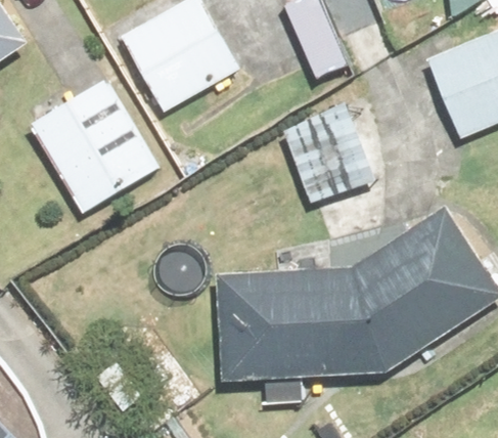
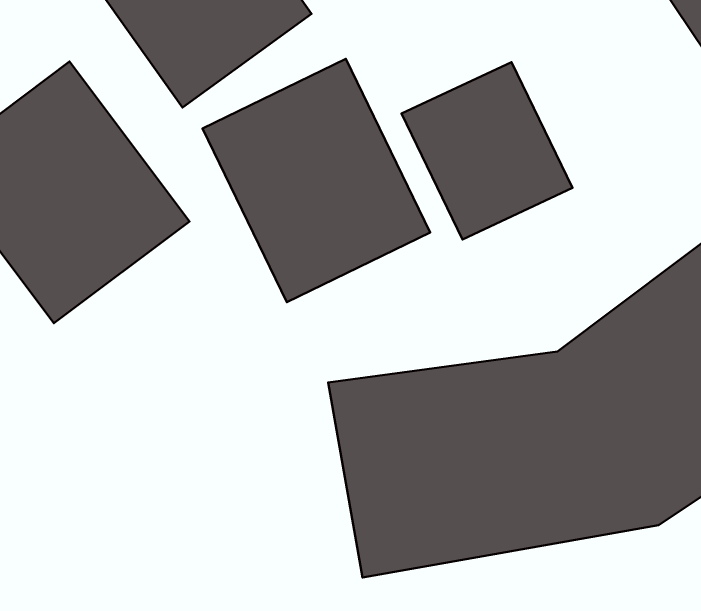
building: none -> [203,59,430,302]

